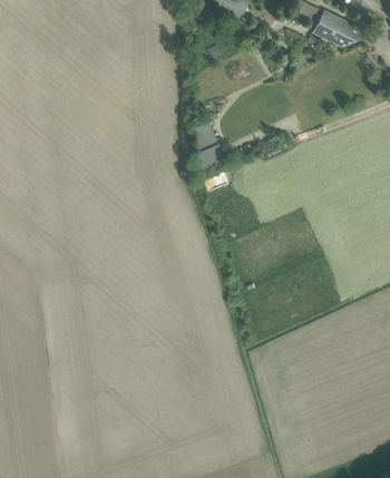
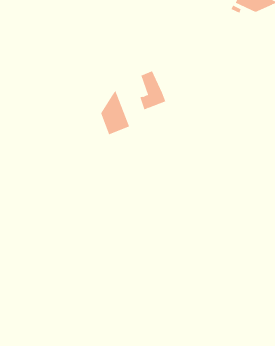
building: none -> [101,90,130,135]

